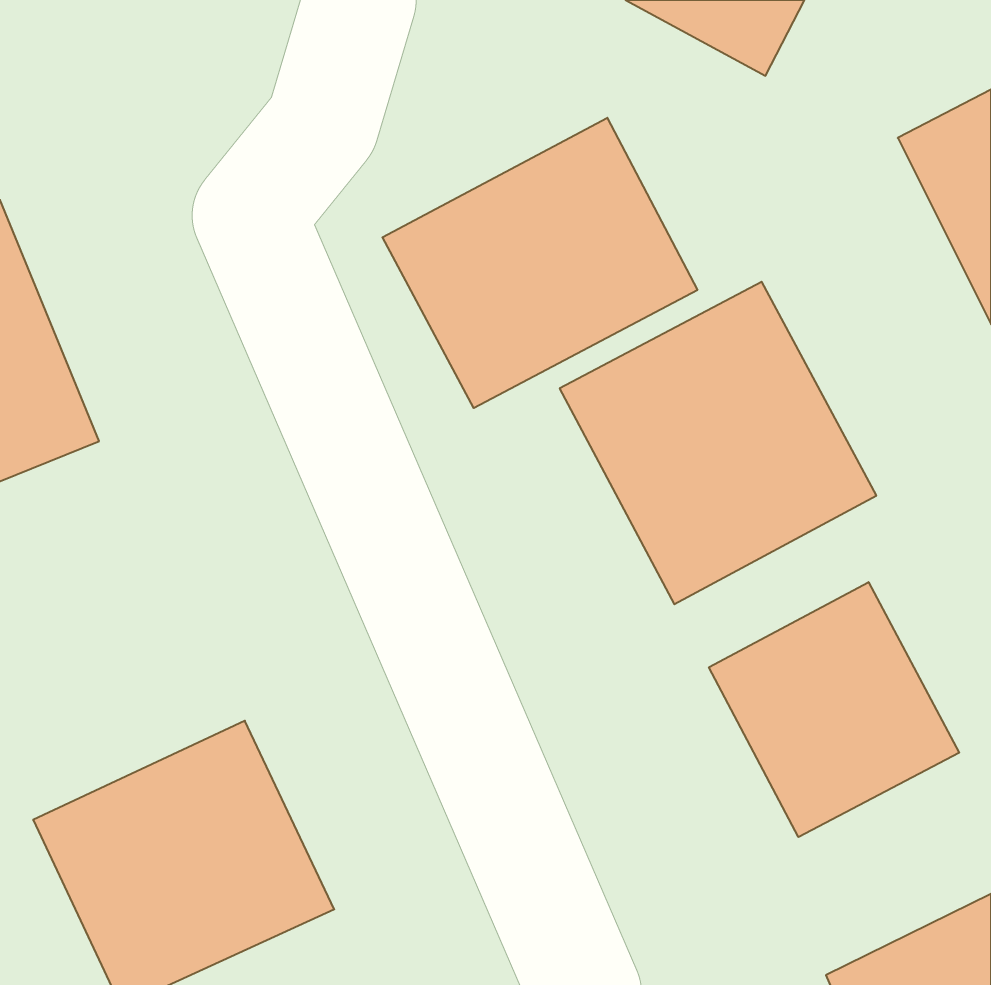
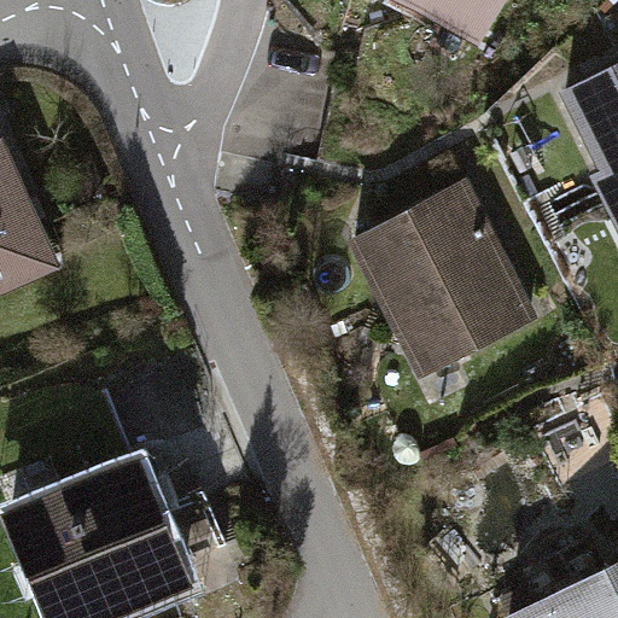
building: [382,118,697,408] -> none
building: [709,582,959,837] -> none

